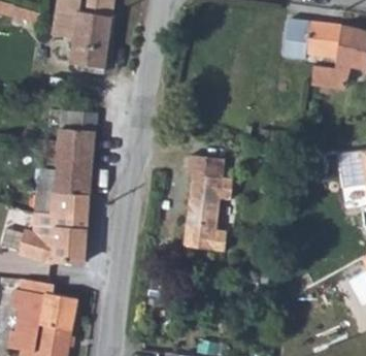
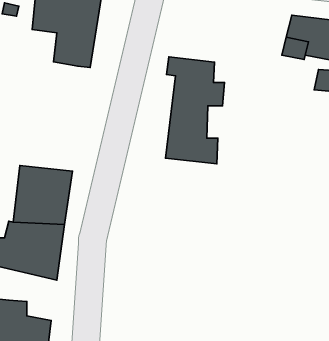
building: [43,100,98,162] -> none
building: [178,162,233,261] -> [166,57,225,164]

